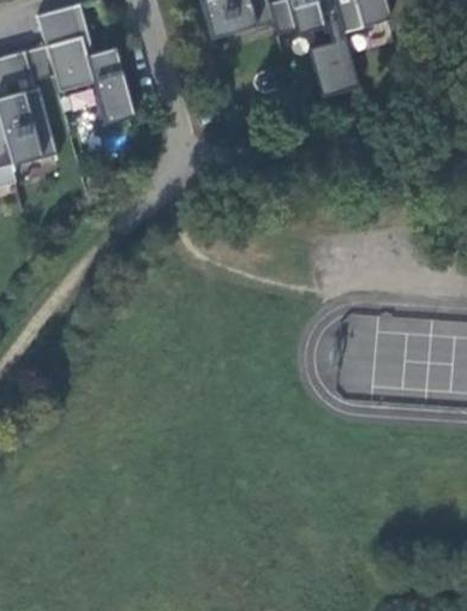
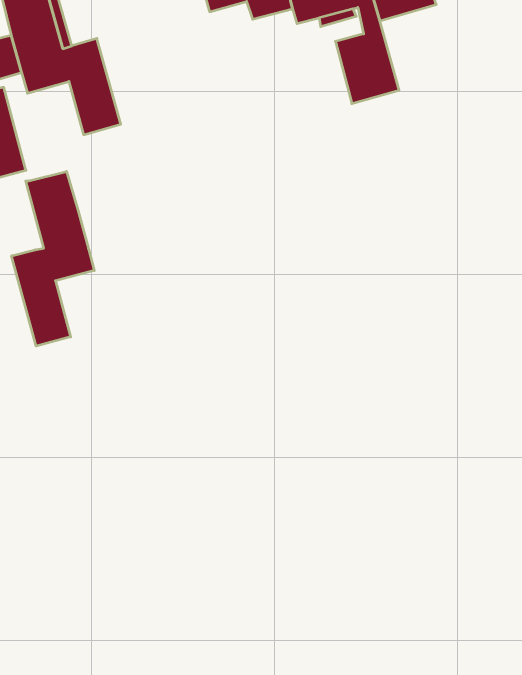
building: none -> [12,171,94,346]

